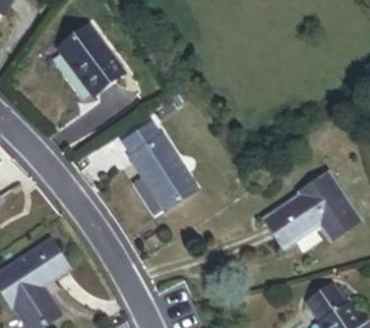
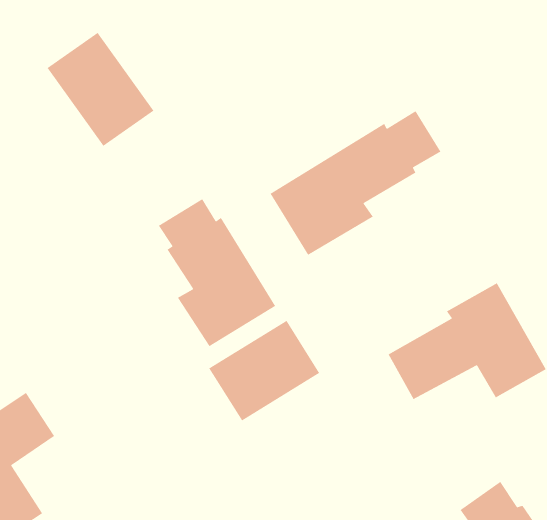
building: none -> [270,110,441,256]
building: none -> [208,320,320,422]

